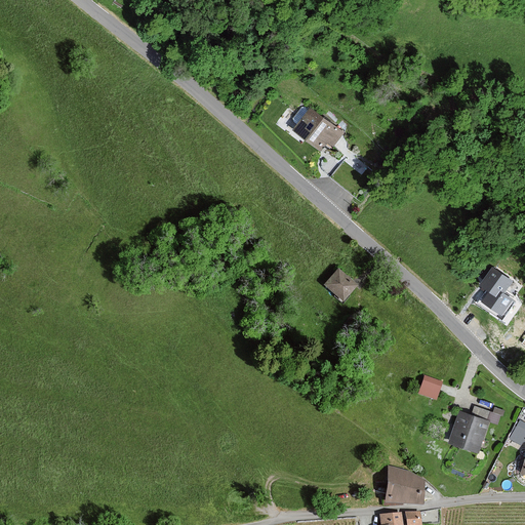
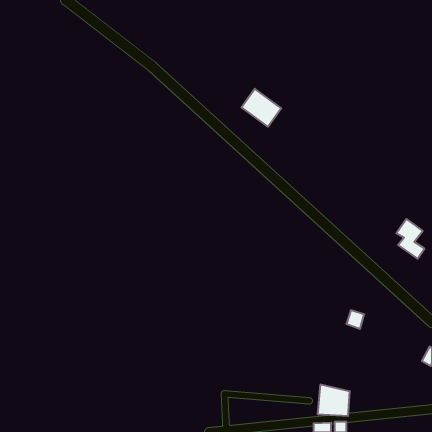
building: [325,271,355,300] -> none
building: [450,411,489,451] -> none

